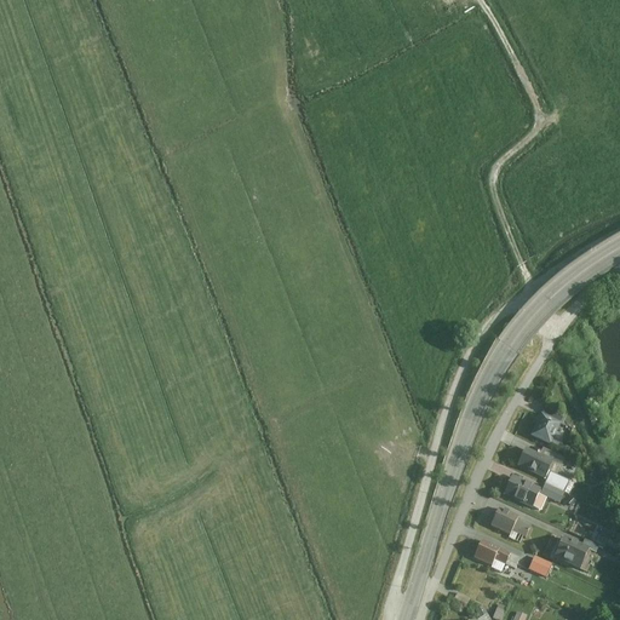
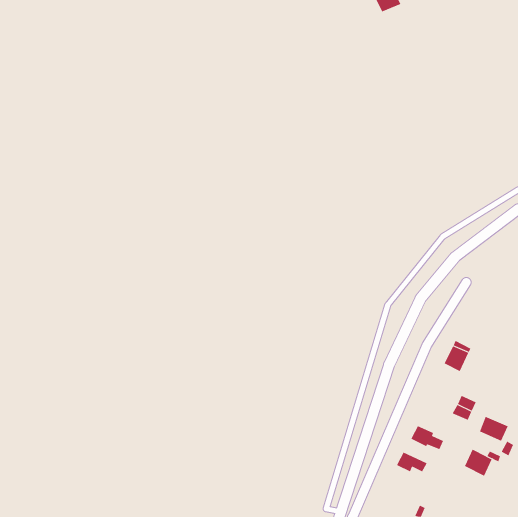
building: [516,446,551,476] -> none
building: [503,475,538,505] -> [479,416,509,442]

